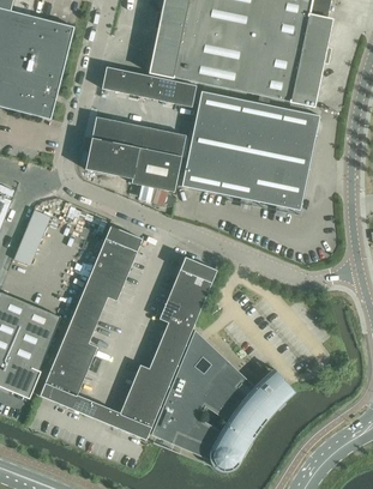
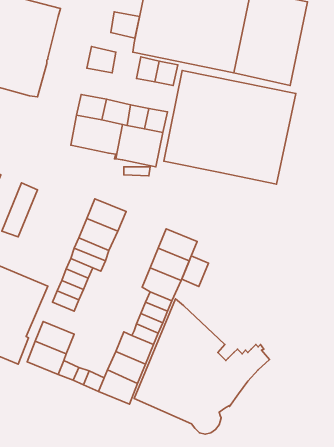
building: [128,71,158,98] -> [111,12,140,38]
building: none -> [182,256,208,286]
building: [56,332,97,366] -> none

